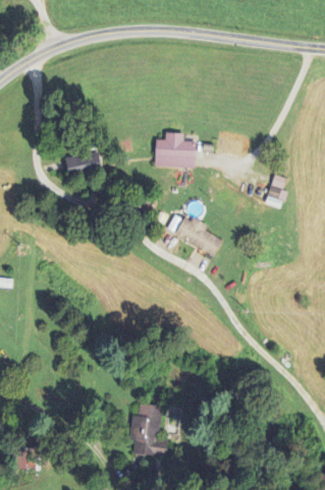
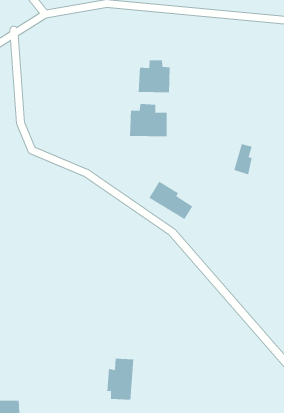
building: none -> [138,59,170,93]
building: [66,151,102,176] -> none

